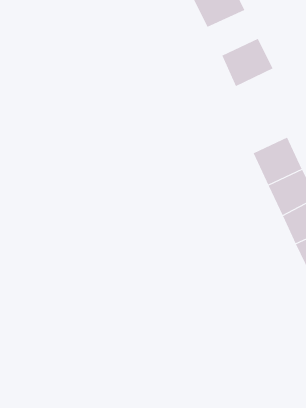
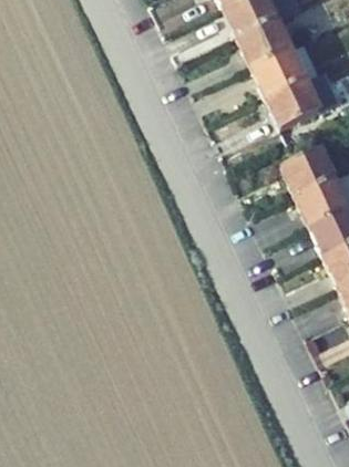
building: none -> [237,20,289,66]
building: none -> [266,80,319,128]

